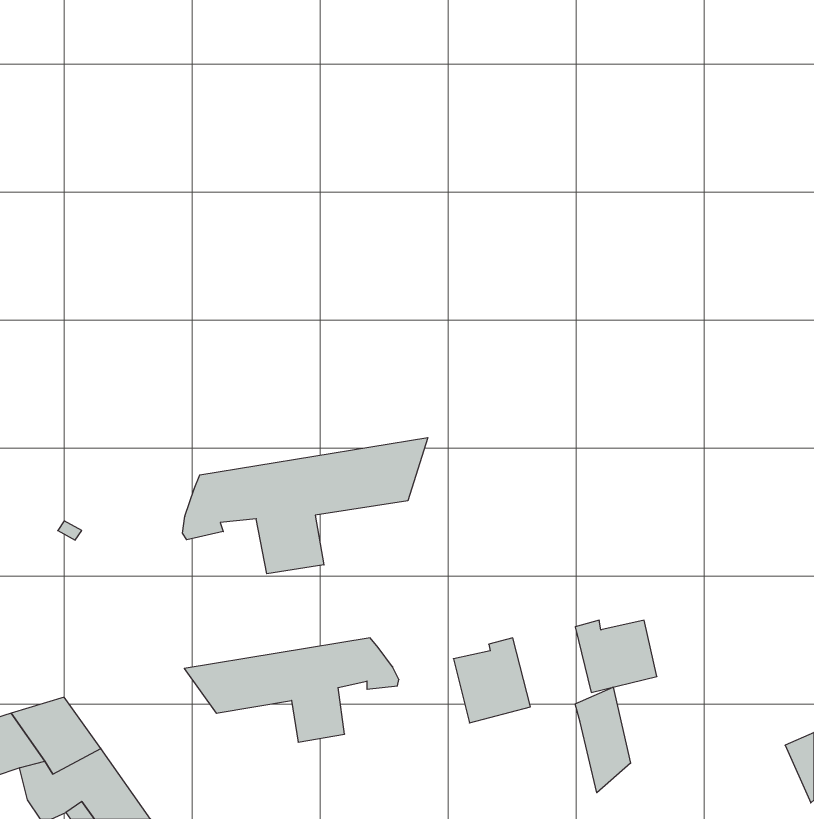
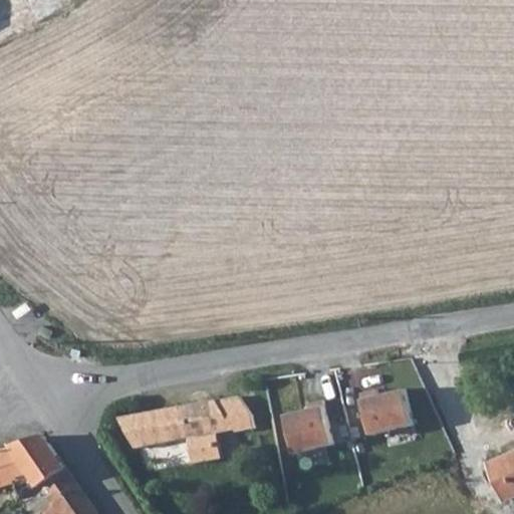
building: [182,438,428,574] -> none
building: [575,687,631,793] -> none

